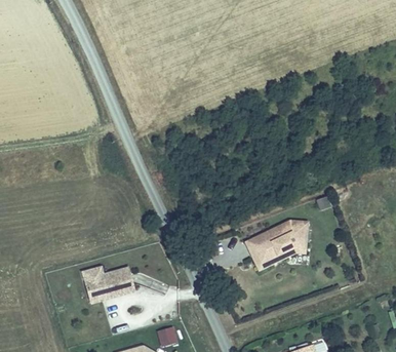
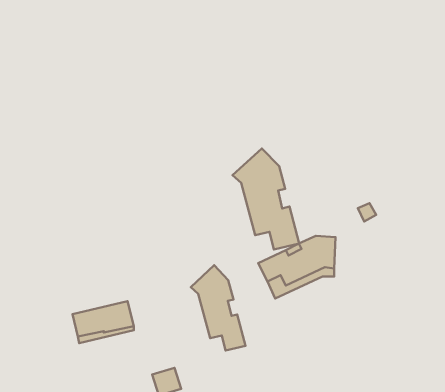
building: none -> [233,148,299,250]
building: none -> [191,265,246,351]

